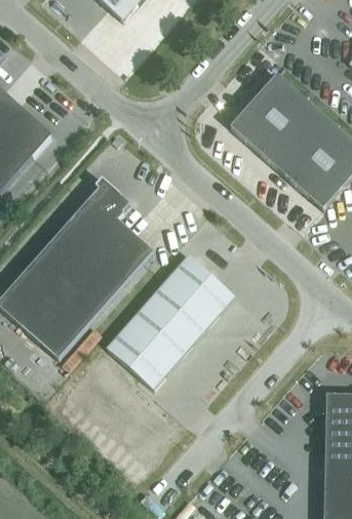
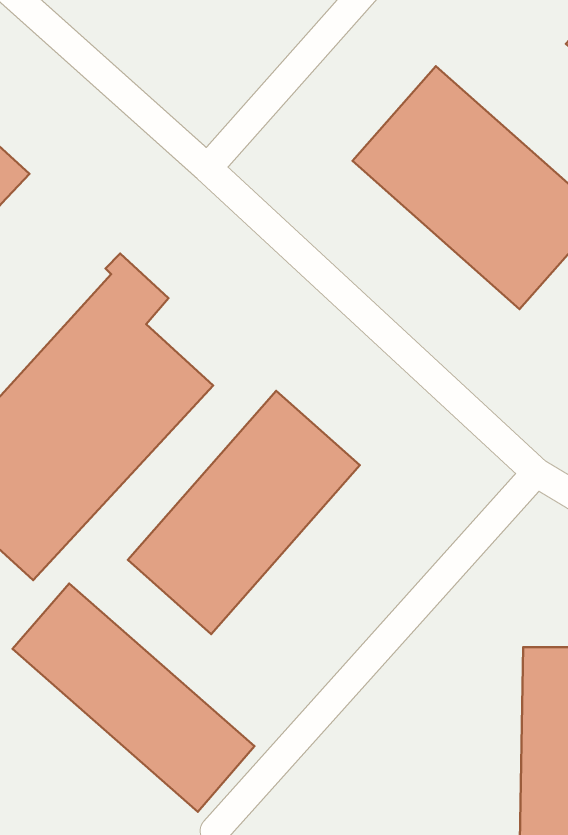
building: none -> [13,583,255,812]

